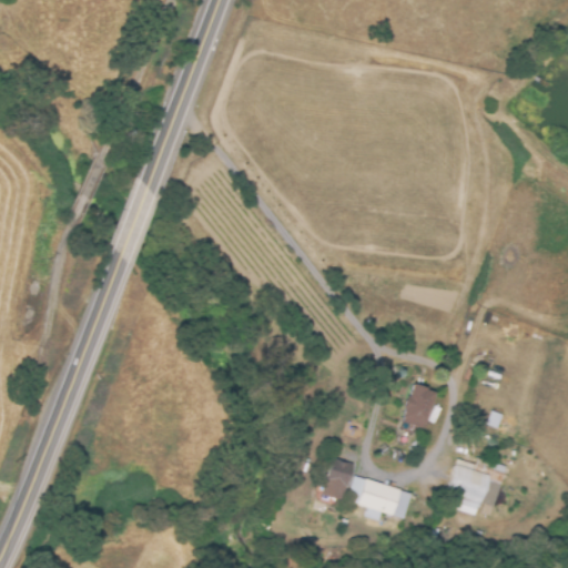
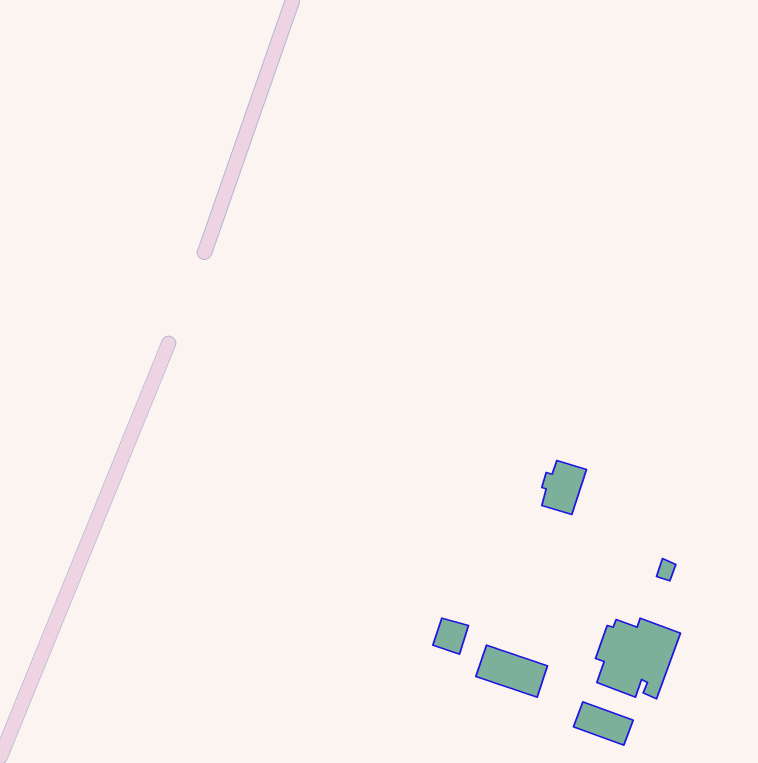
building: [402,387,435,427] -> [542,461,587,514]
building: none -> [574,702,633,745]

